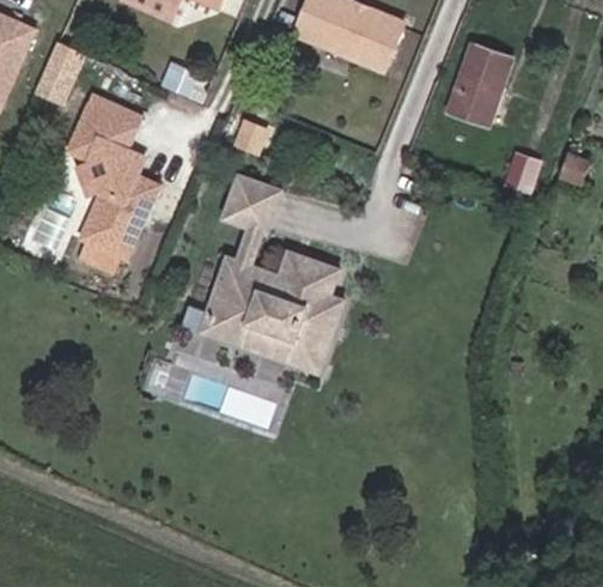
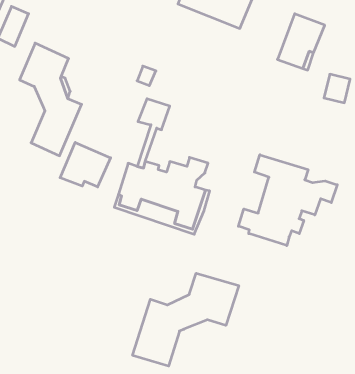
building: none -> [60,142,111,187]
building: none -> [238,155,337,246]
building: none -> [133,273,239,366]

